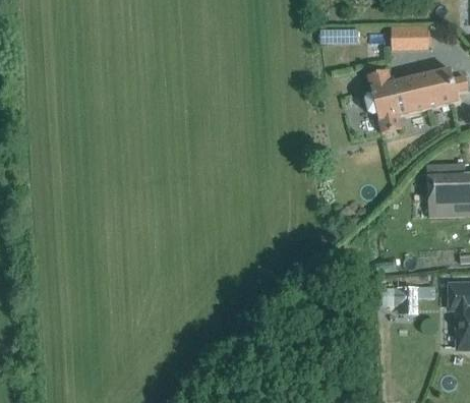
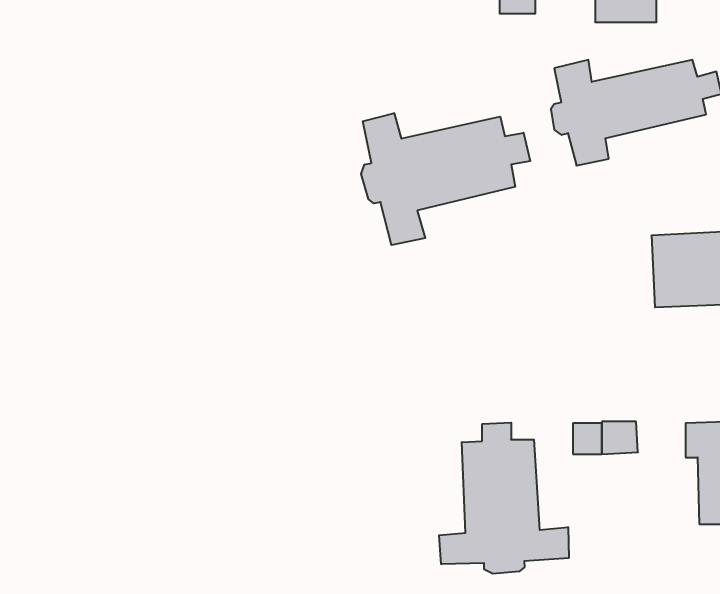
building: none -> [361,113,530,245]
building: none -> [439,423,569,574]

